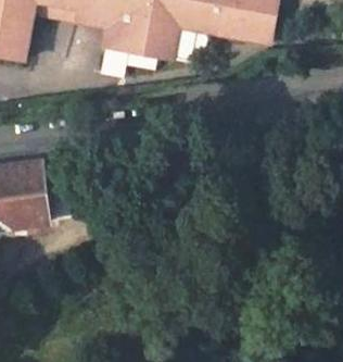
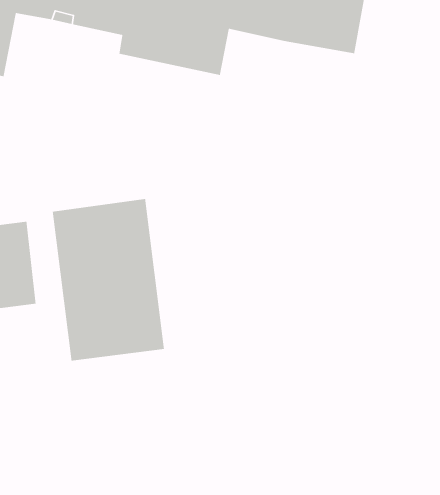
building: none -> [52,198,165,361]

